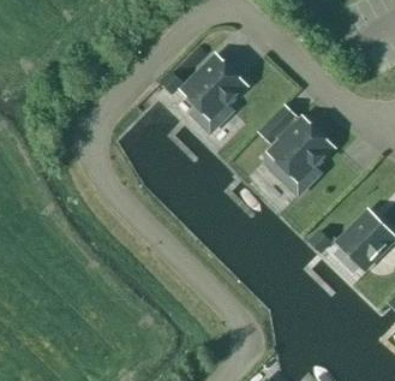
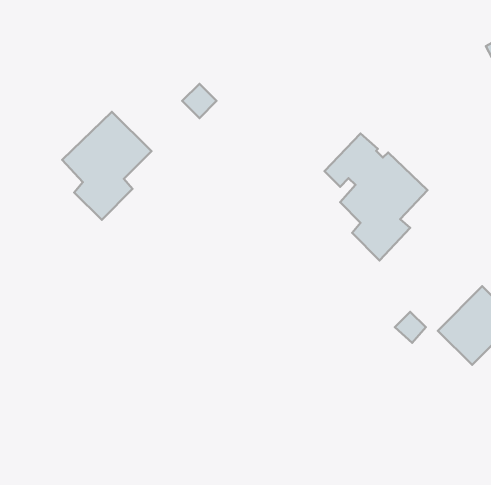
building: [184,58,246,133] -> [62,112,151,220]

